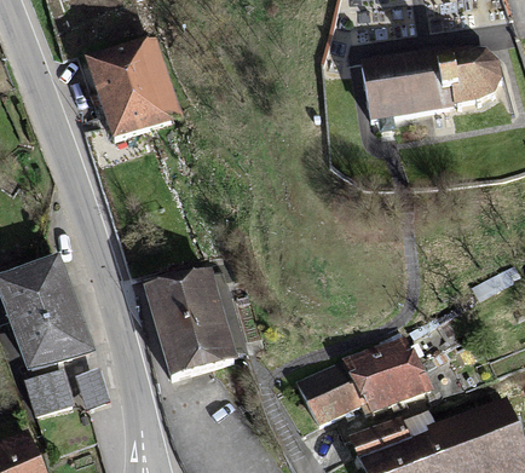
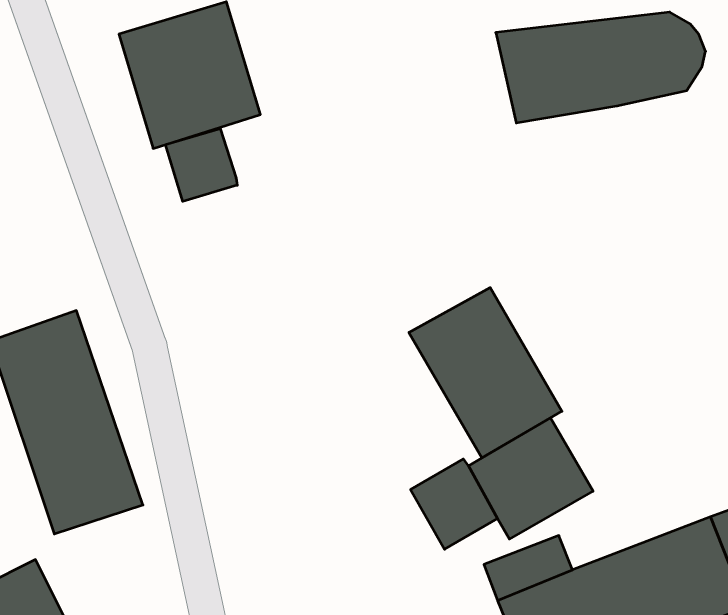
building: none -> [166,128,237,201]
building: none -> [409,288,562,458]
building: [144,263,250,376] -> none

